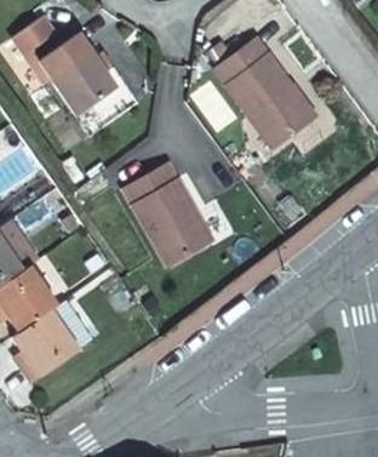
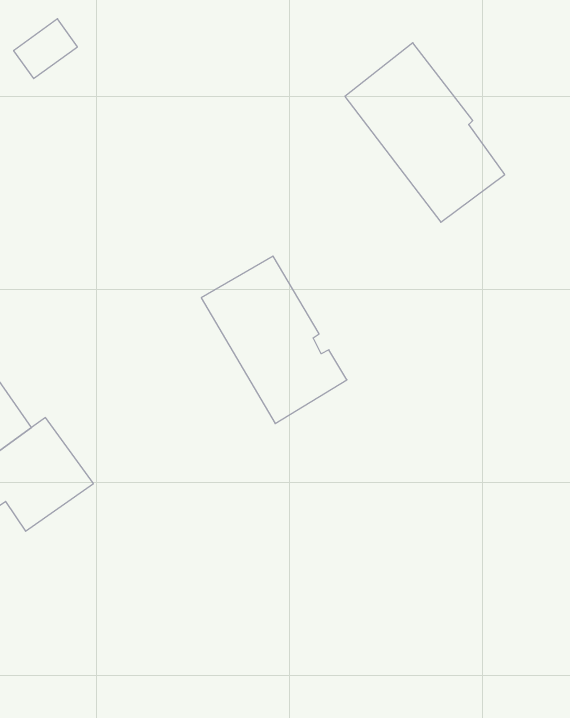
building: [36,33,116,115] -> none
building: [13,293,99,378] -> none

